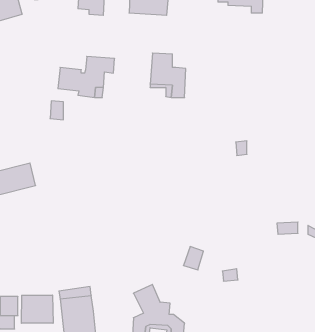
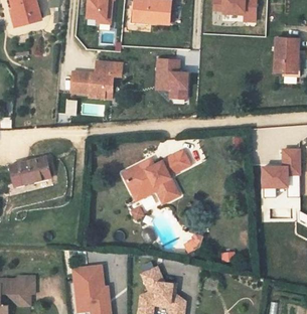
building: none -> [277,37,299,71]
building: none -> [123,150,188,203]
building: none -> [260,151,297,198]
building: [21,295,53,323] -> none

